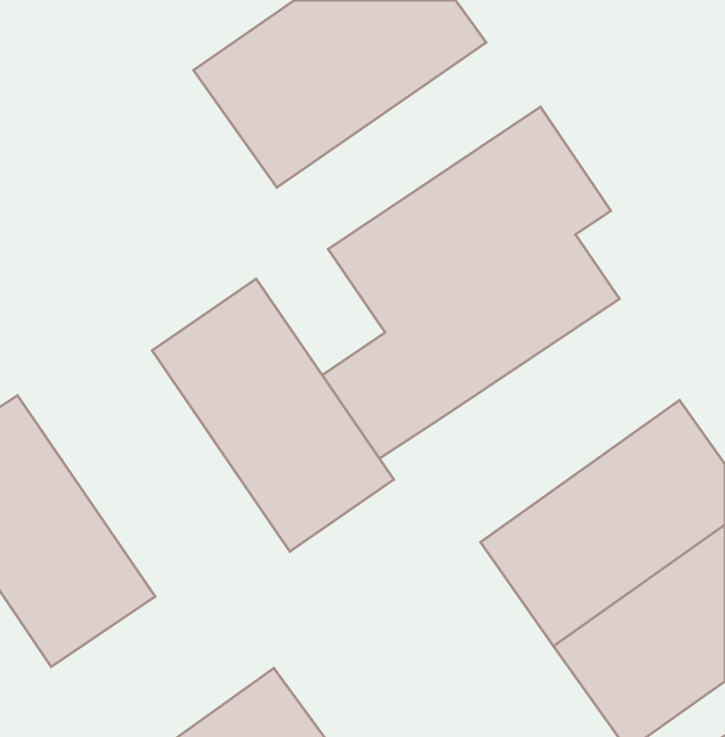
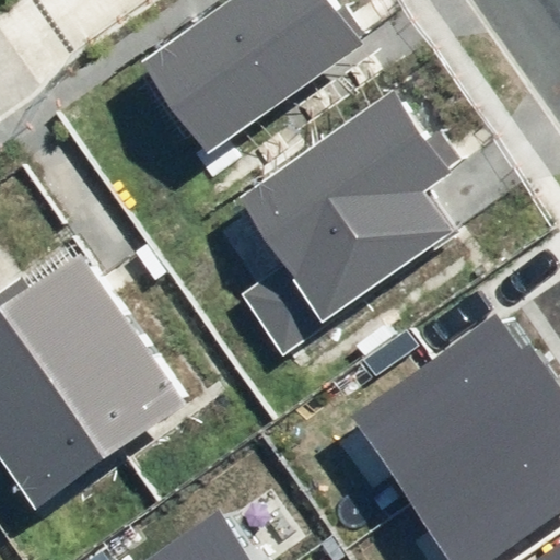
building: [152,279,394,551] -> [13,250,194,454]

